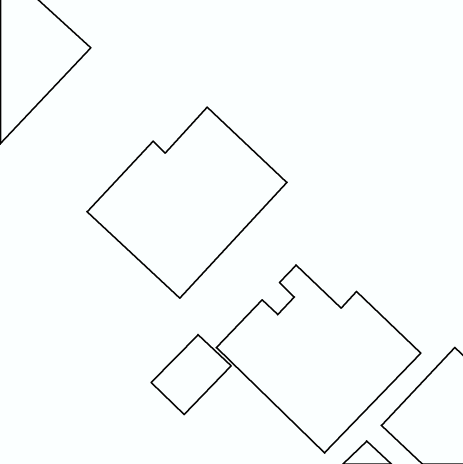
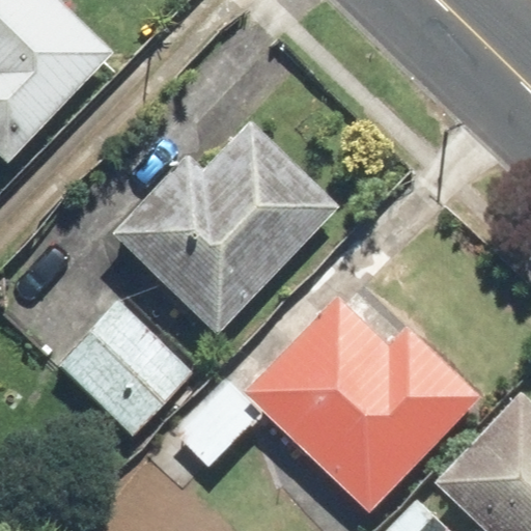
building: none -> [54,298,194,437]

